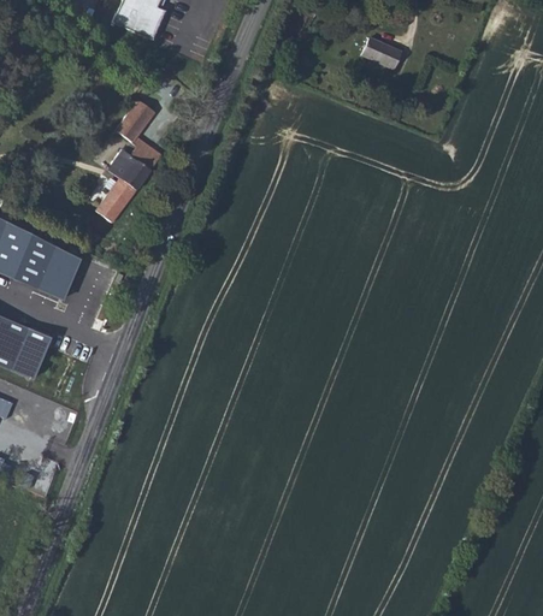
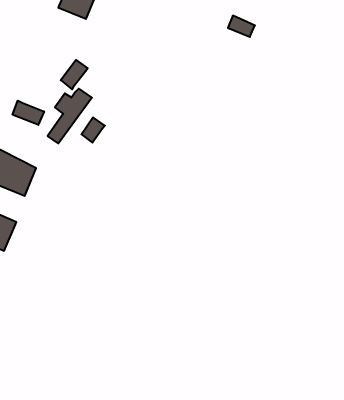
building: none -> [13,101,44,125]
building: none -> [81,117,105,143]

